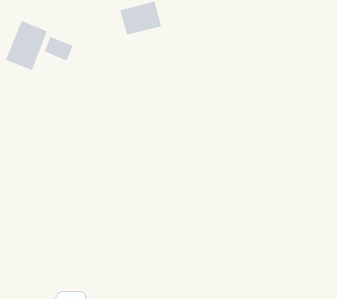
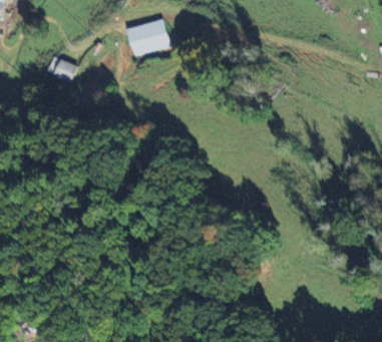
building: [5,20,47,71] -> none

